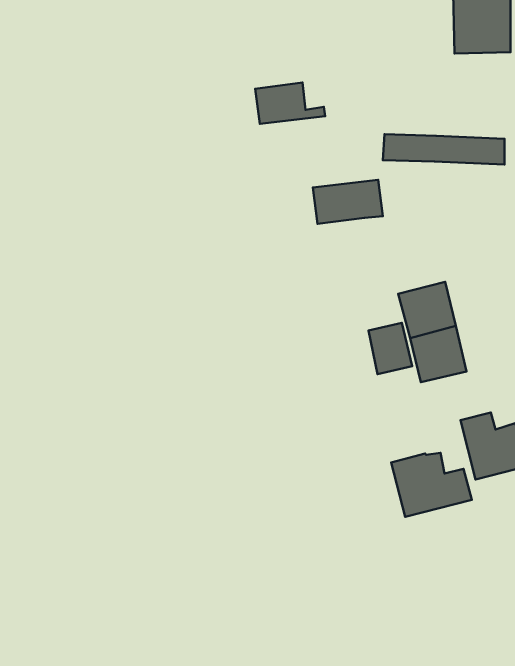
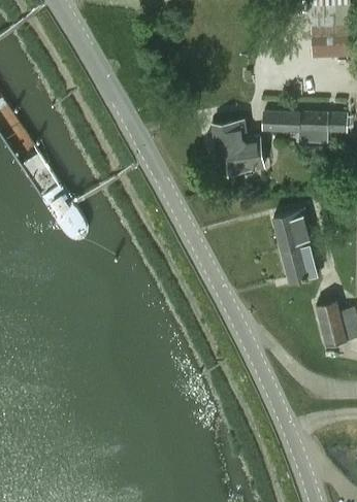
building: [255,83,325,124] -> [213,121,260,148]
building: [368,323,412,374] -> none
building: [391,453,472,517] -> none

